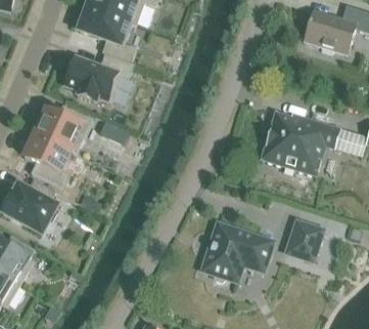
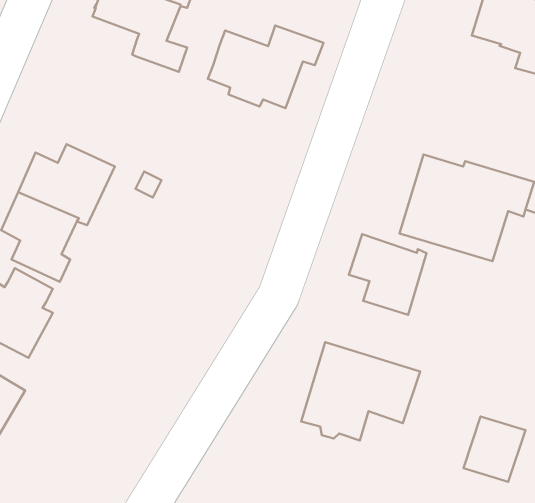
building: [64,53,133,102] -> [208,25,323,108]
building: none -> [349,234,427,315]
building: [286,221,323,260] -> [463,416,525,482]

